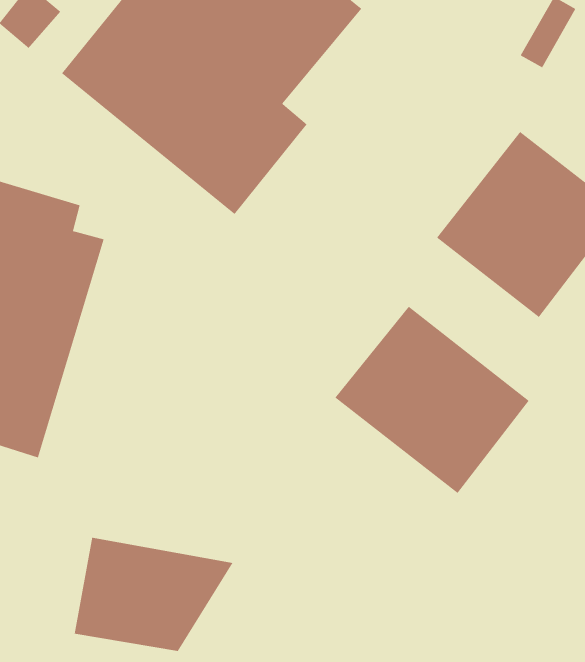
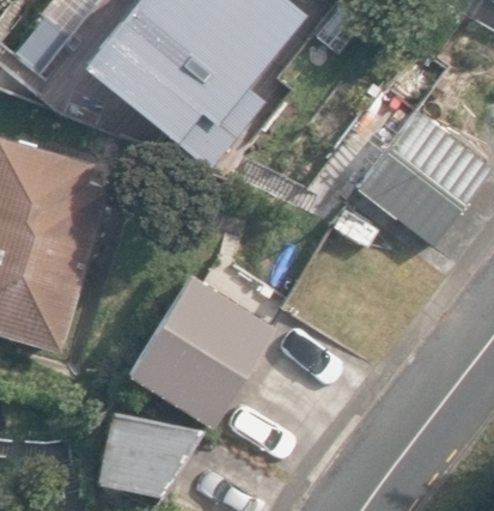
building: [334,306,530,494] -> none
building: none -> [126,276,273,430]

